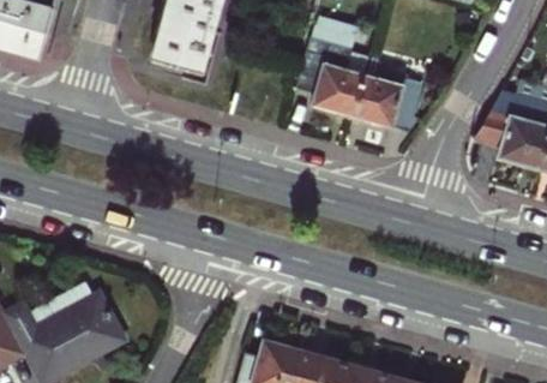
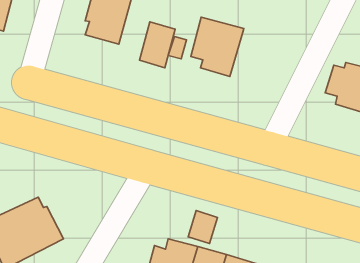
building: none -> [140,22,175,68]
building: [354,56,425,130] -> none
building: none -> [188,211,217,244]

